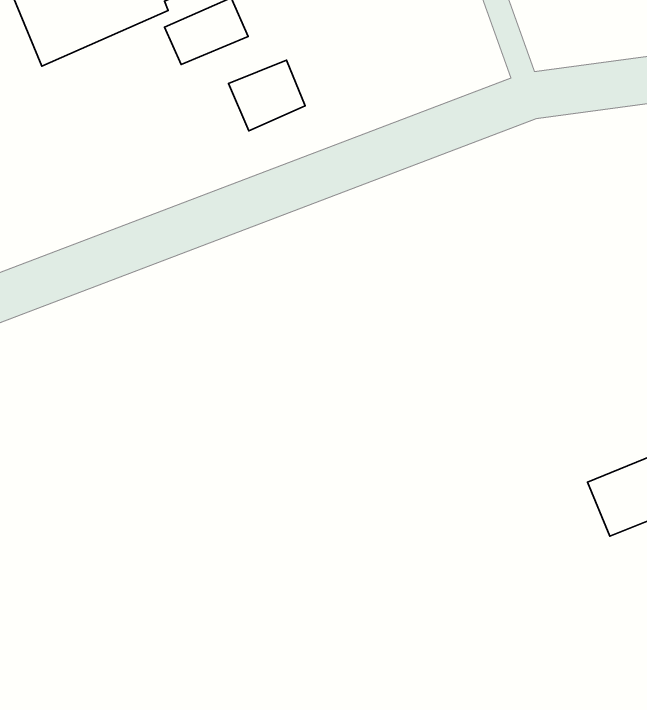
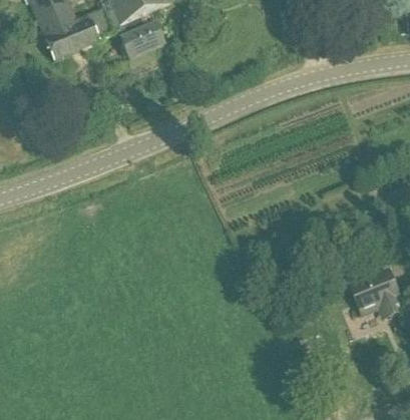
building: [229,60,305,131] -> none

